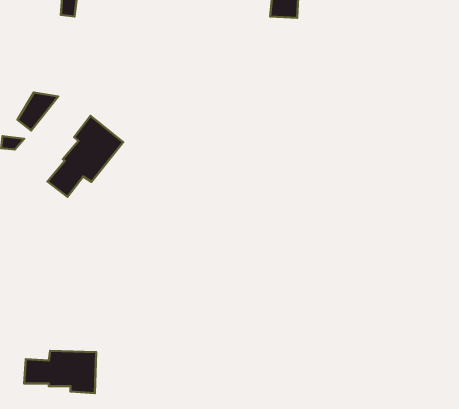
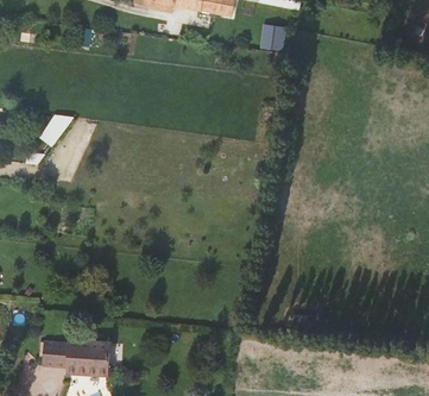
building: [48,116,123,197] -> none

